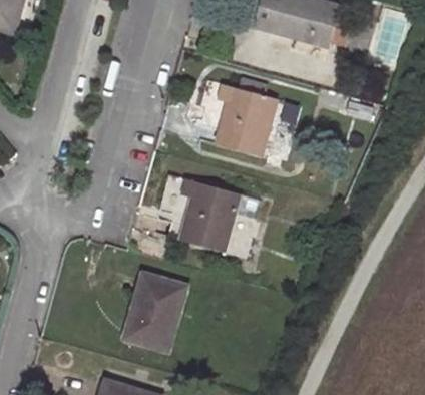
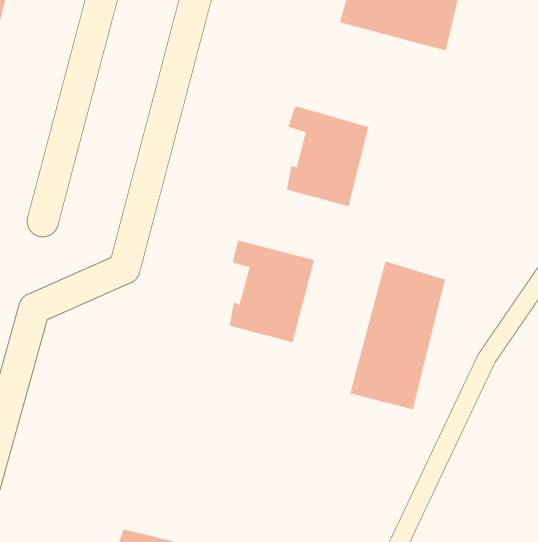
building: none -> [350,261,445,410]
building: [125,272,186,350] -> none

